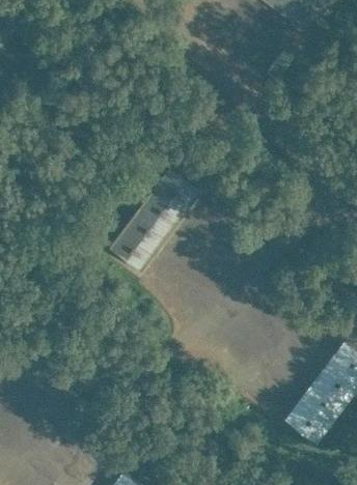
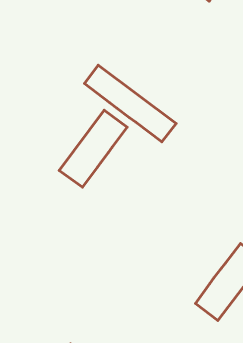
building: none -> [84,65,176,142]

